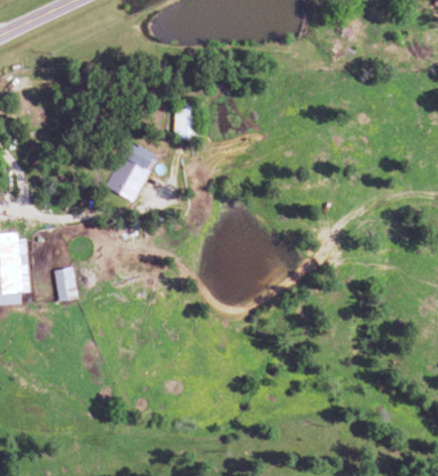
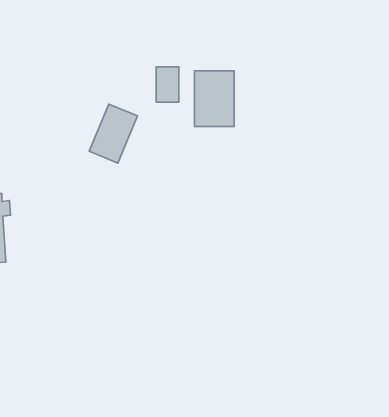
building: none -> [195,71,234,127]
building: [53,267,77,302] -> none

